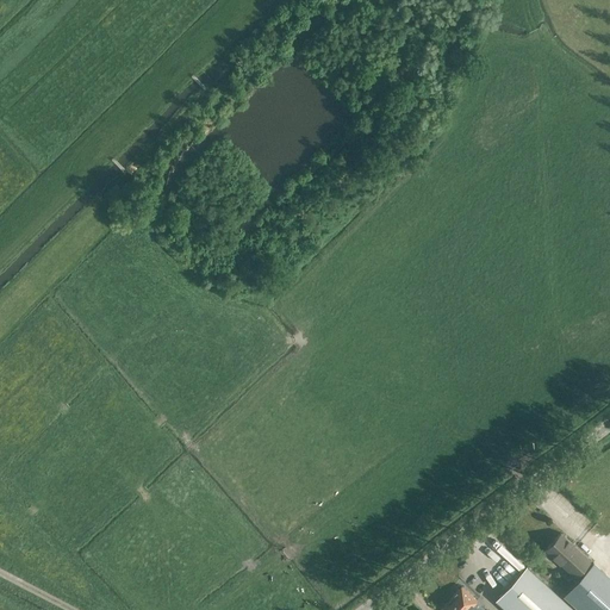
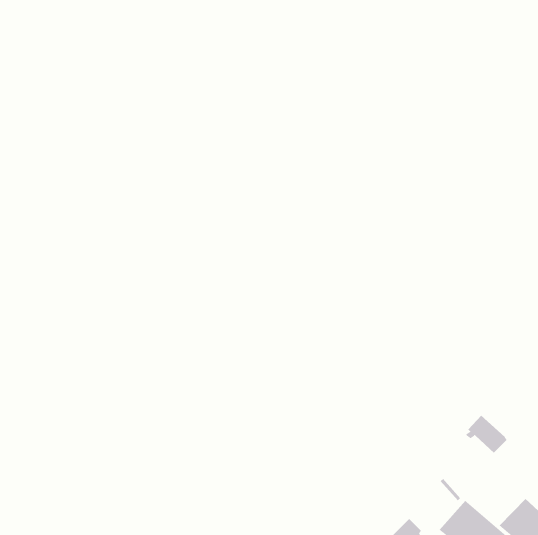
building: [544,536,592,580] -> [465,415,508,454]

